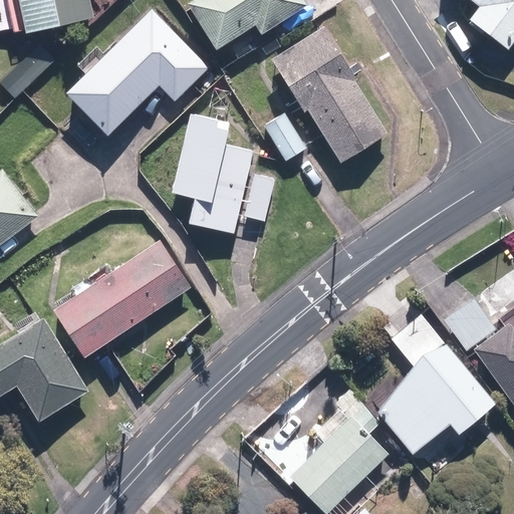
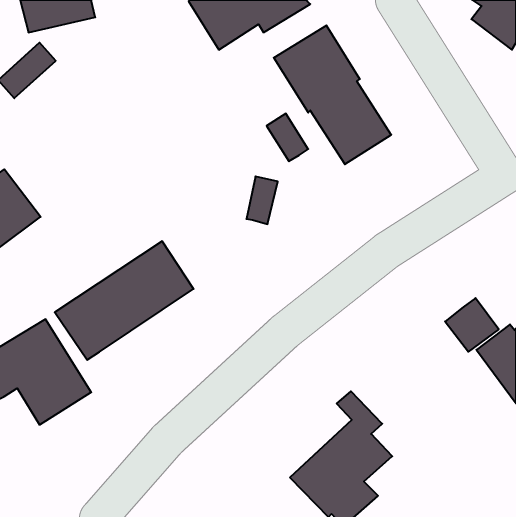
building: [66,10,209,136] -> none
building: [173,113,252,234] -> none
building: [374,312,493,451] -> none

